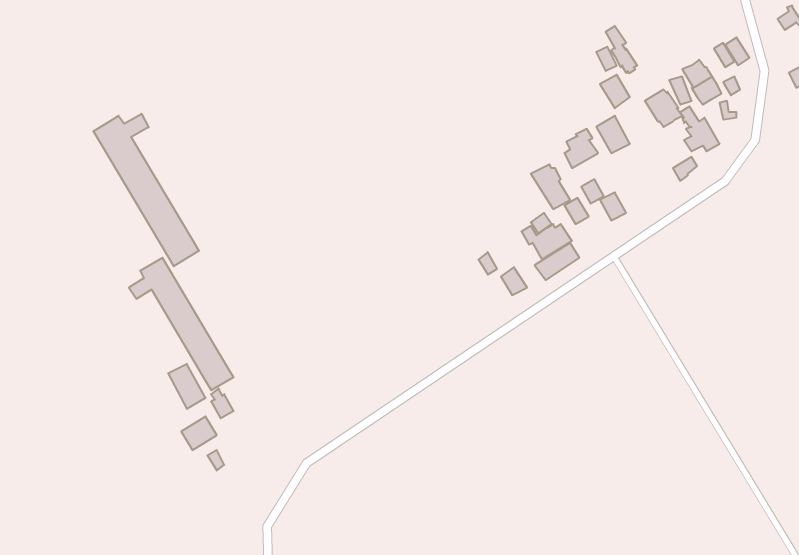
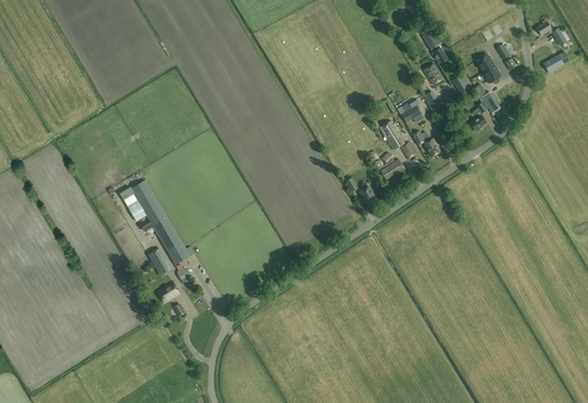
building: [93,114,199,266] -> none

